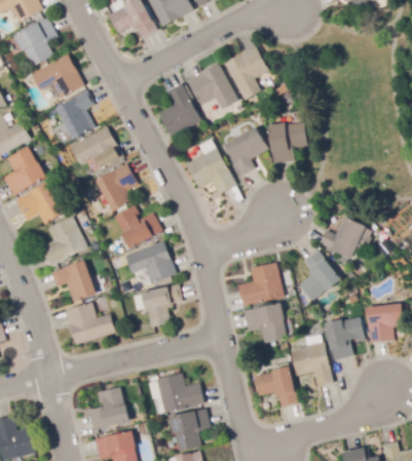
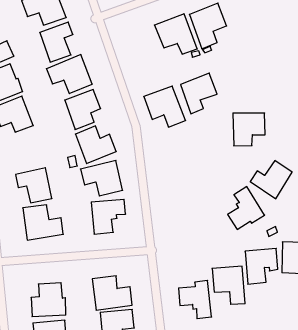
building: [158,82,201,137] -> none
building: [267,121,307,163] -> [233,113,265,146]
building: [41,216,87,266] -> none
building: [238,262,284,305] -> none
building: [244,302,289,343] -> none

